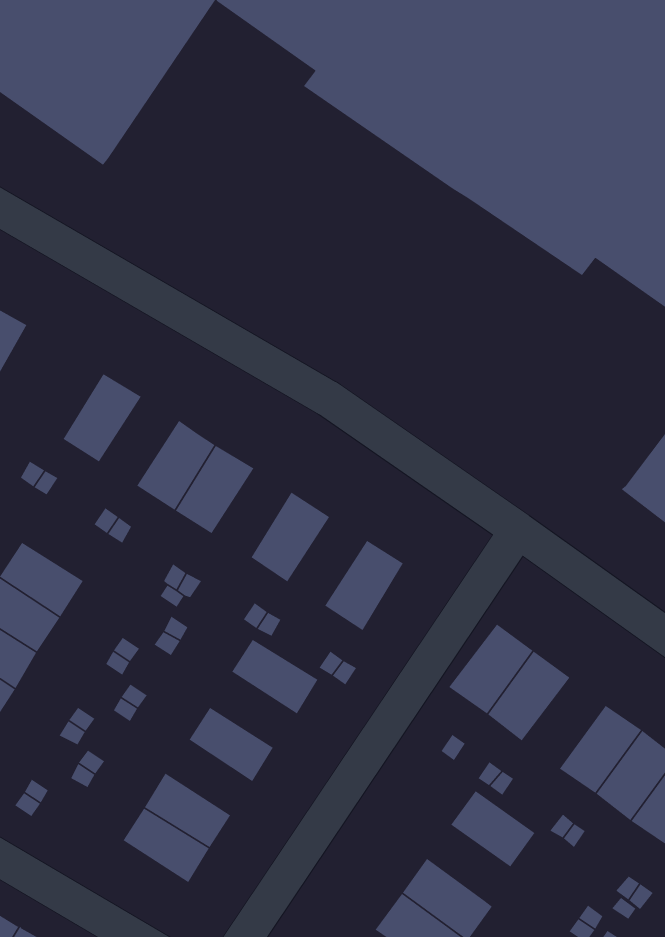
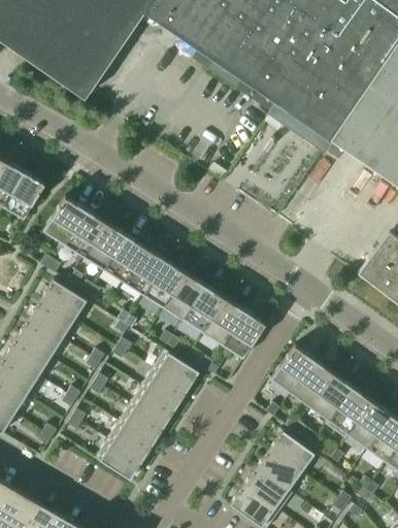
building: none -> [42,195,85,243]
building: none -> [82,221,125,268]
building: none -> [142,259,185,306]
building: none -> [41,278,87,319]
building: none -> [183,285,225,332]
building: none -> [223,309,265,358]
building: none -> [141,367,188,407]
building: none -> [307,370,352,419]
building: none -> [118,403,164,443]
building: none -> [257,449,301,489]

